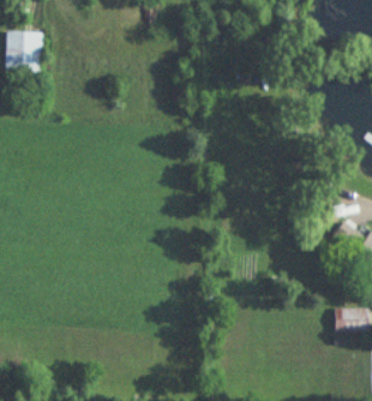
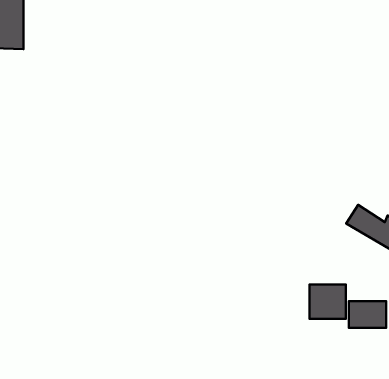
building: none -> [309,284,346,319]

